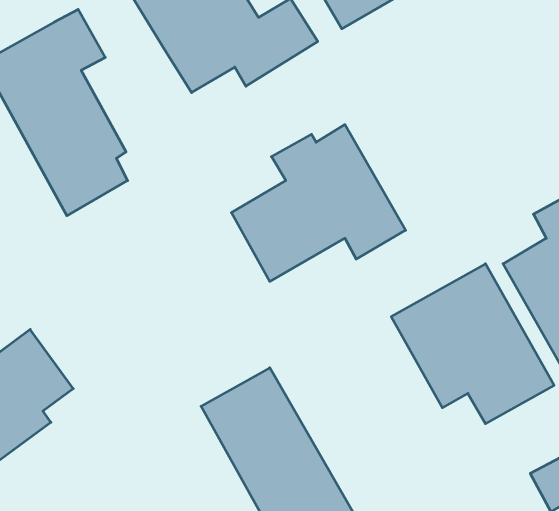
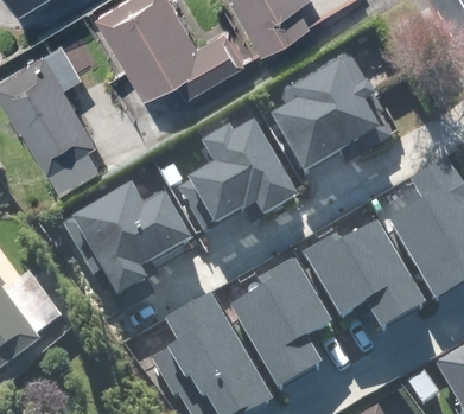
building: none -> [260,60,371,180]
building: none -> [62,186,197,319]
building: none -> [215,266,325,401]

